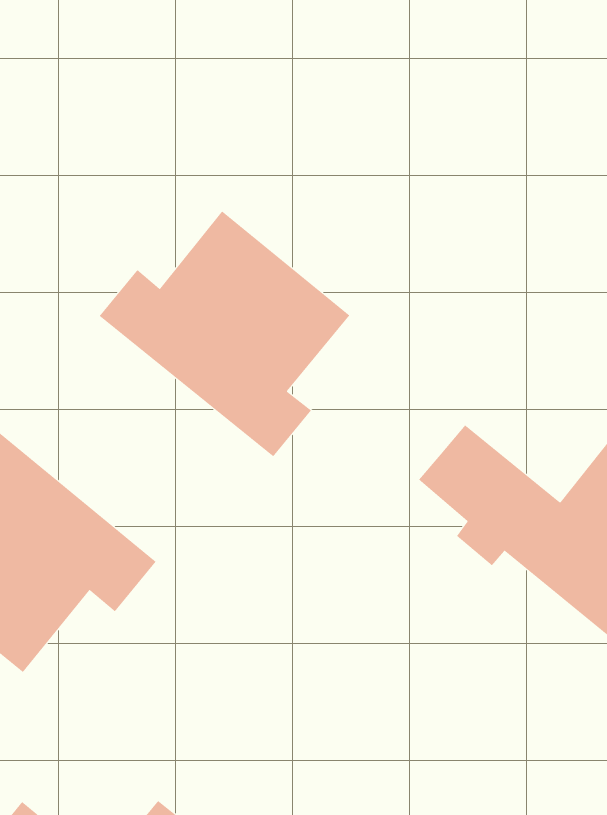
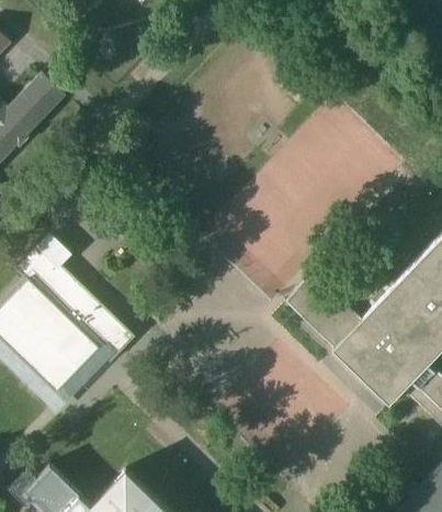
building: [99,211,350,457] -> none

